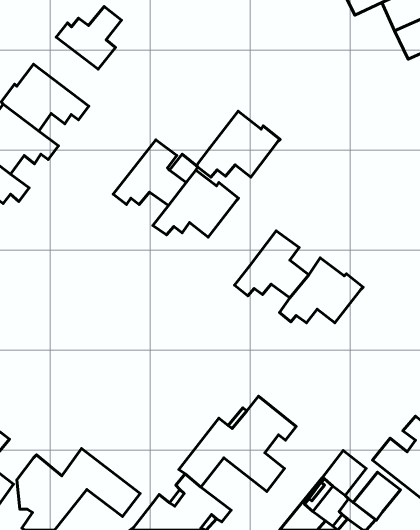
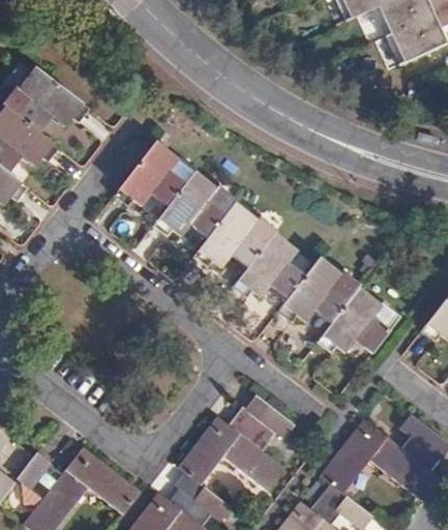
building: [56,6,122,69] -> none
building: [196,111,280,177] -> [193,202,276,267]
building: none -> [317,290,400,354]
building: [353,472,400,520] -> [340,419,387,467]

